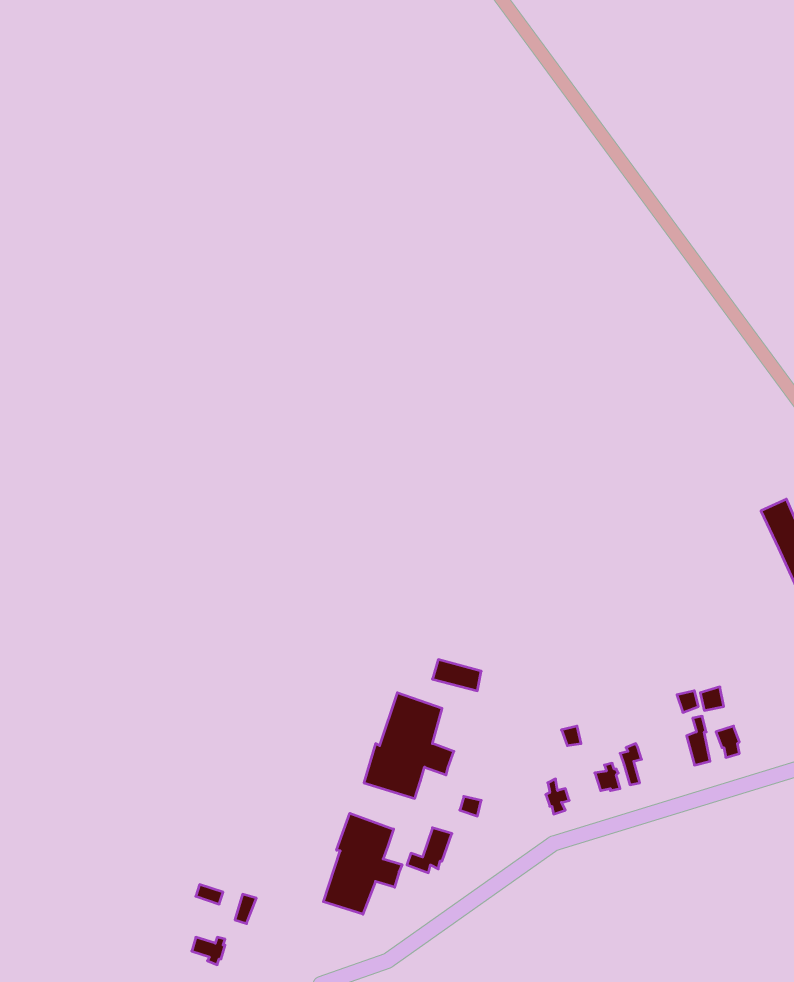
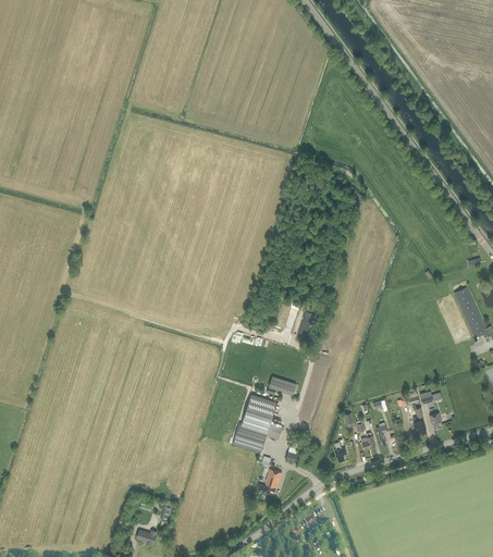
building: [323,813,402,914] -> none

